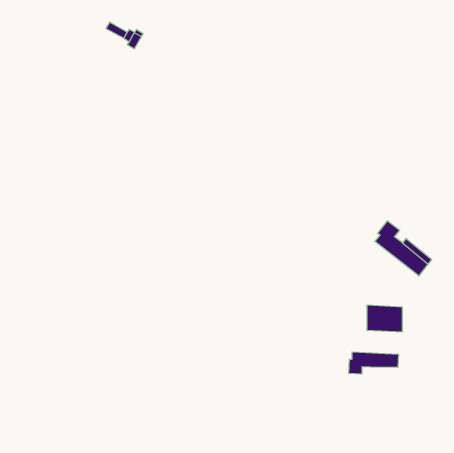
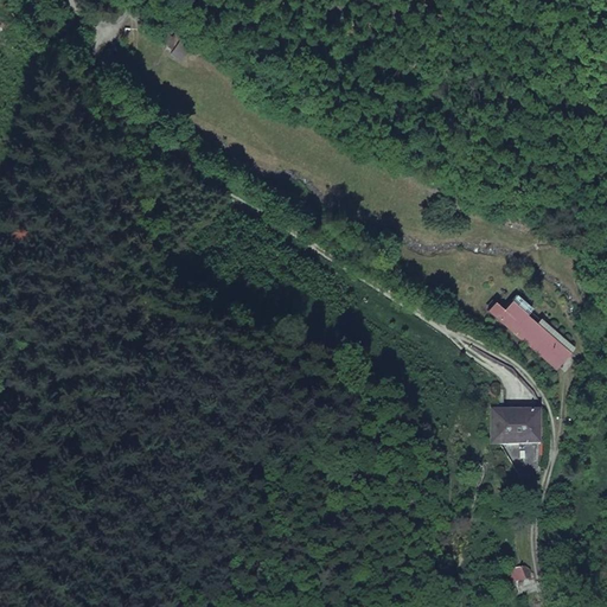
building: [349,352,399,374] -> none

